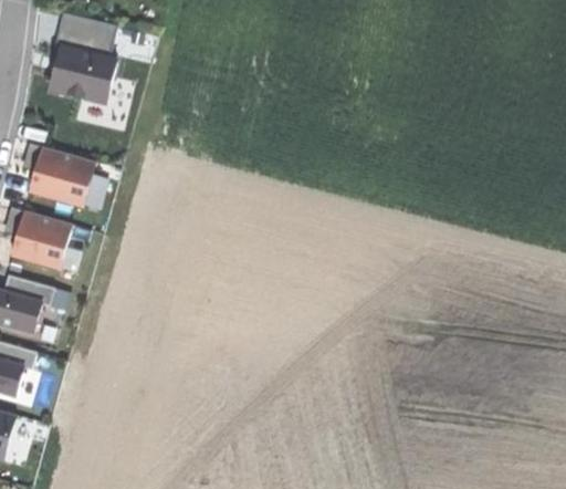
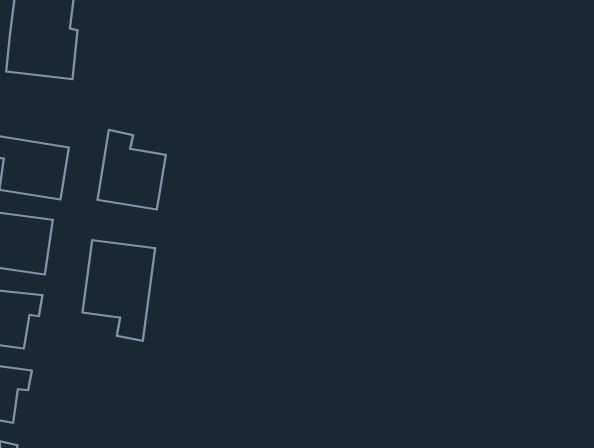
building: none -> [97,130,166,209]
building: none -> [83,240,155,341]

